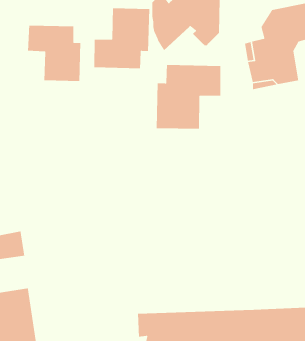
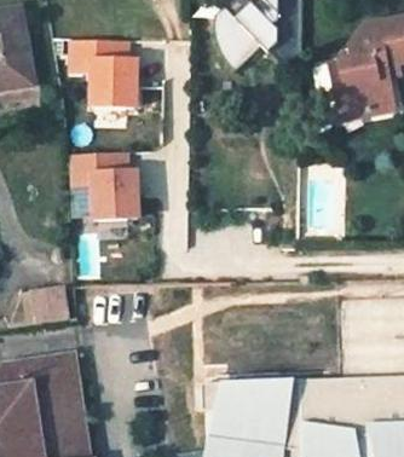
building: [93,7,150,69] -> none
building: [156,64,221,129] -> none
building: none -> [68,154,137,221]

